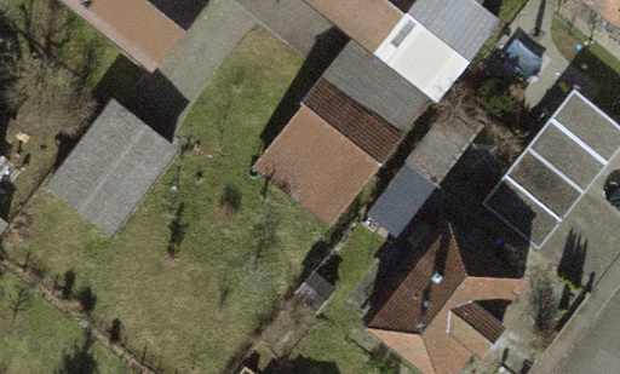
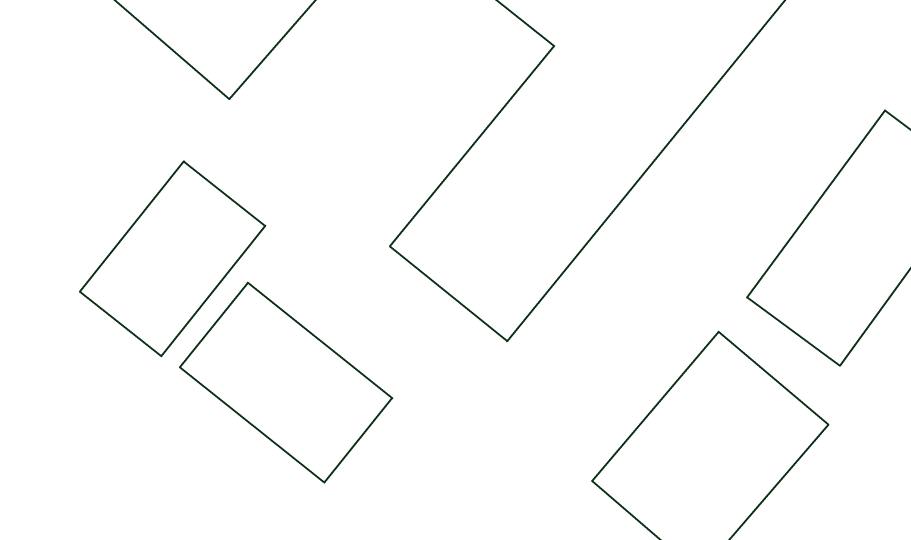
building: none -> [180,283,392,483]

